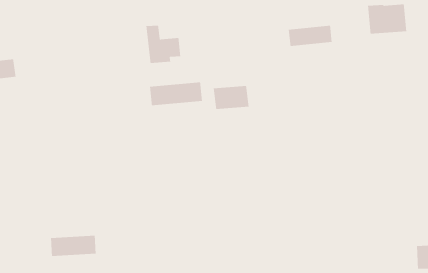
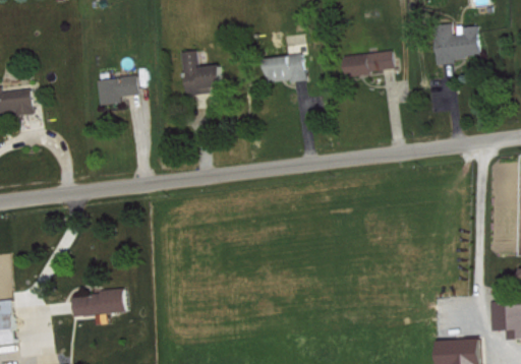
building: none -> [96,74,138,105]
building: [149,81,203,106] -> none
building: [213,85,249,110] -> [263,54,304,82]

